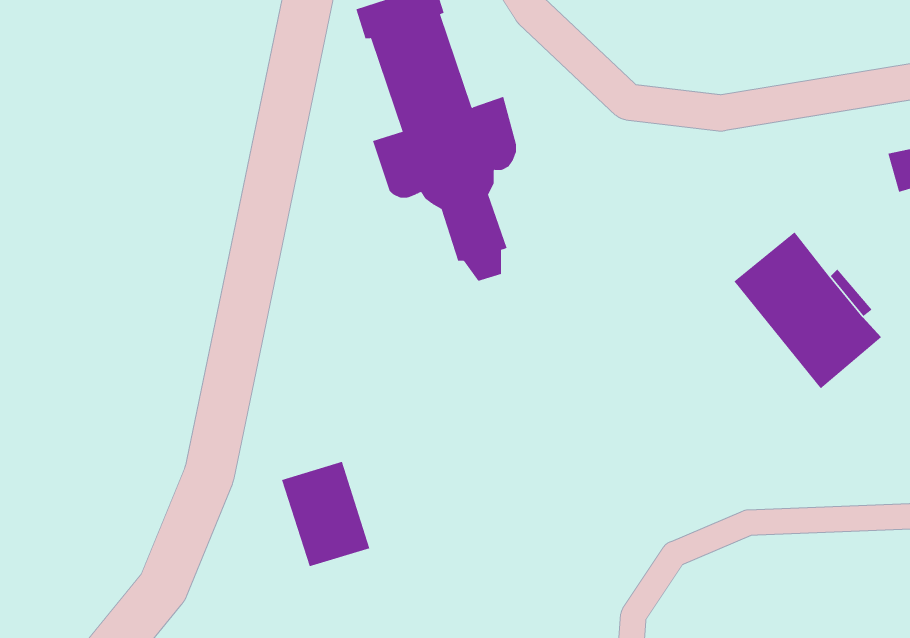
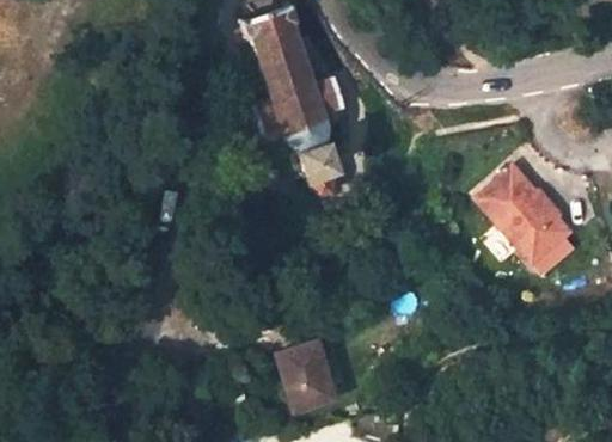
building: [281,461,370,567] -> [277,348,335,416]

